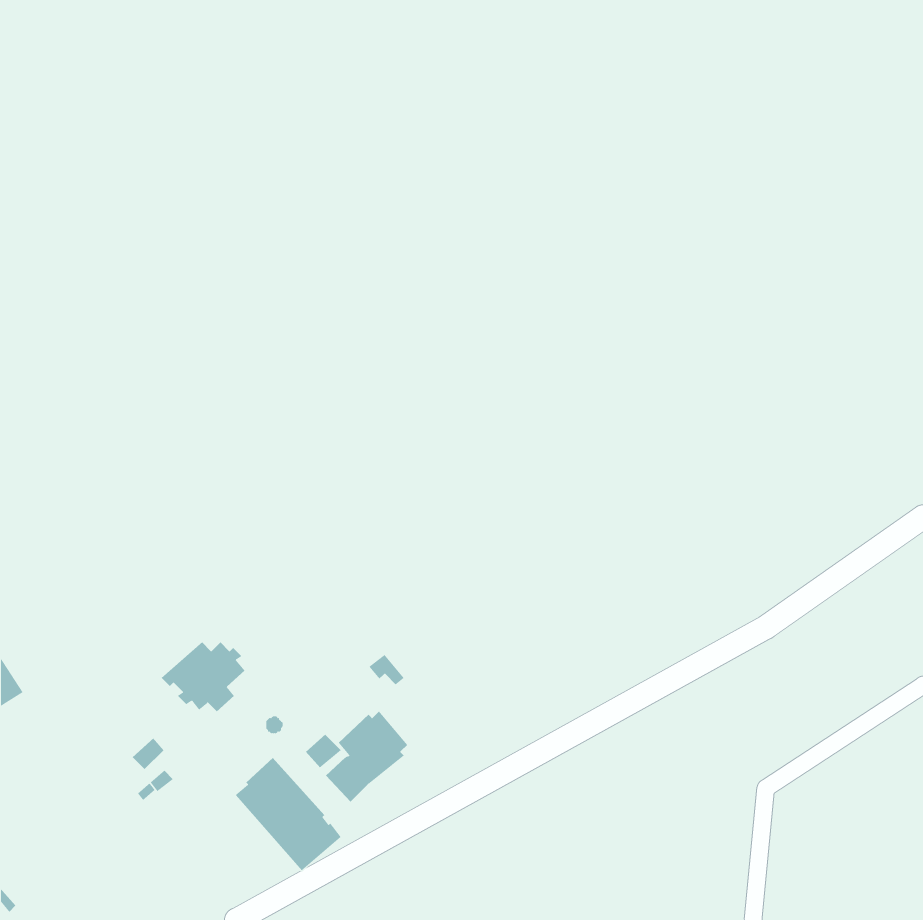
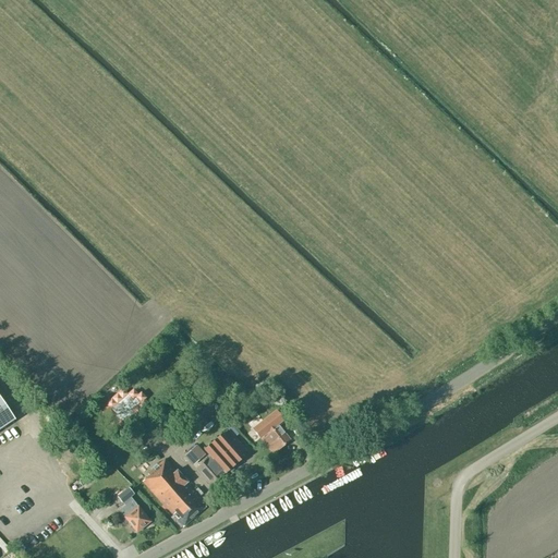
building: none -> [253,409,290,452]
building: none -> [118,486,149,531]

